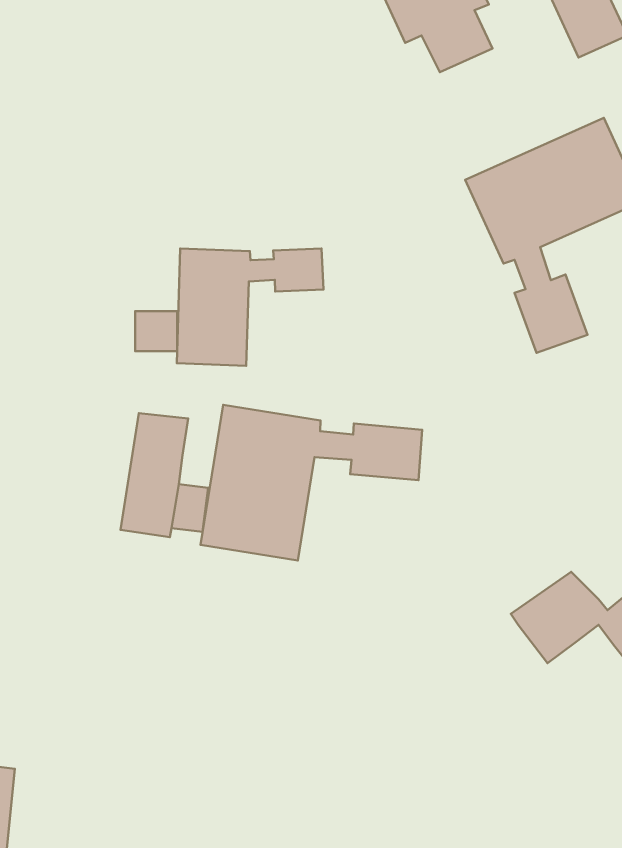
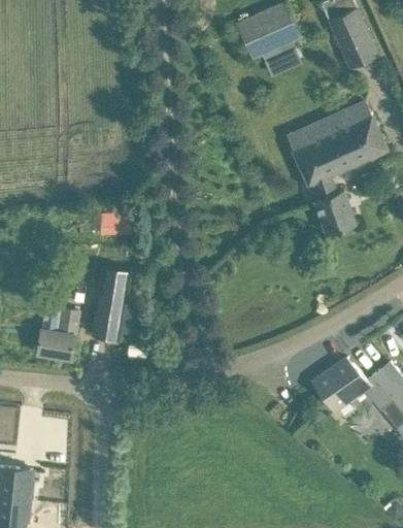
building: [177,249,323,366] -> none
building: [200,405,422,560] -> none
building: none -> [37,305,80,360]

